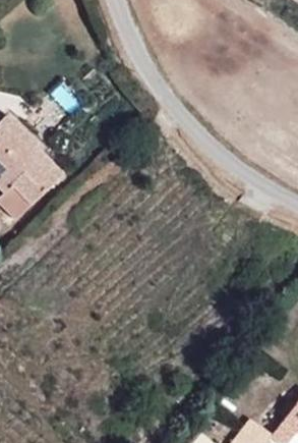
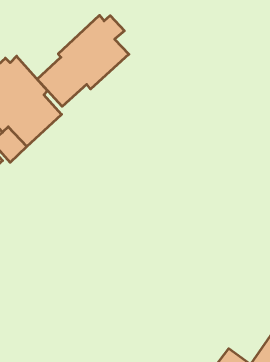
building: none -> [37,15,129,106]

